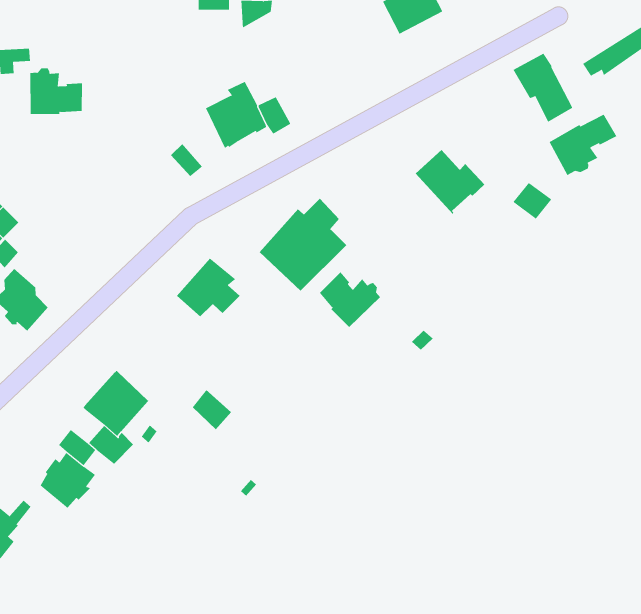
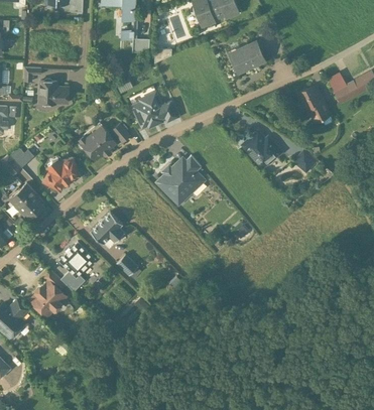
building: [549,114,617,176] -> none
building: none -> [80,124,116,158]
building: none -> [44,158,78,189]
building: [176,258,240,317] -> [91,212,125,243]
building: [319,271,381,328] -> none

